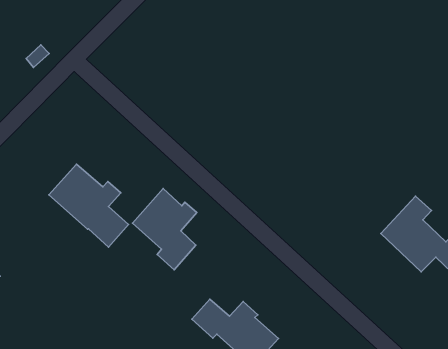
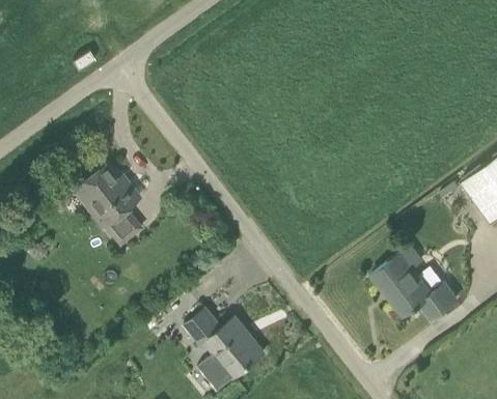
building: [133,189,197,270] -> none

